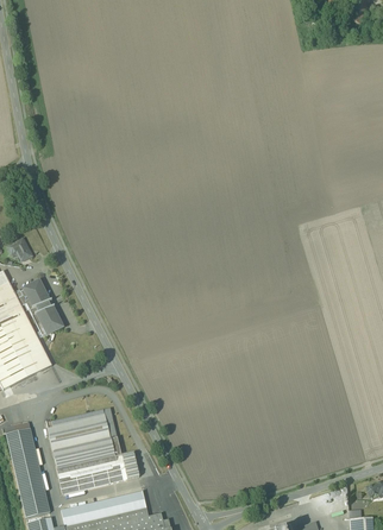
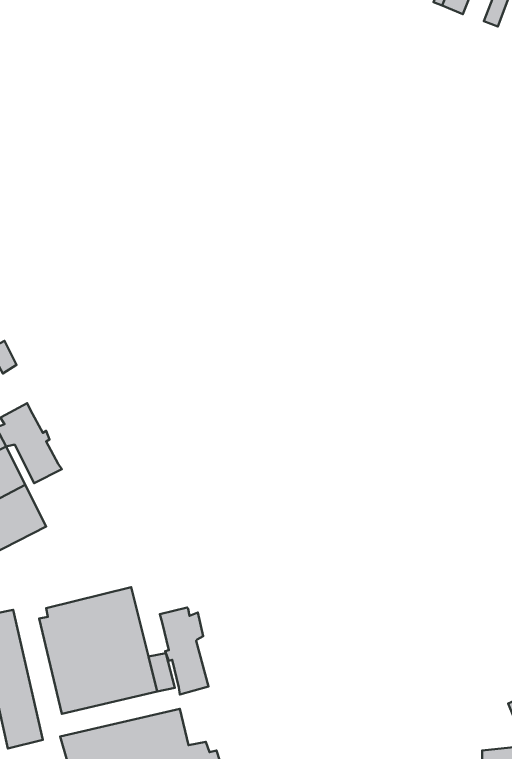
building: none -> [160,608,208,694]

